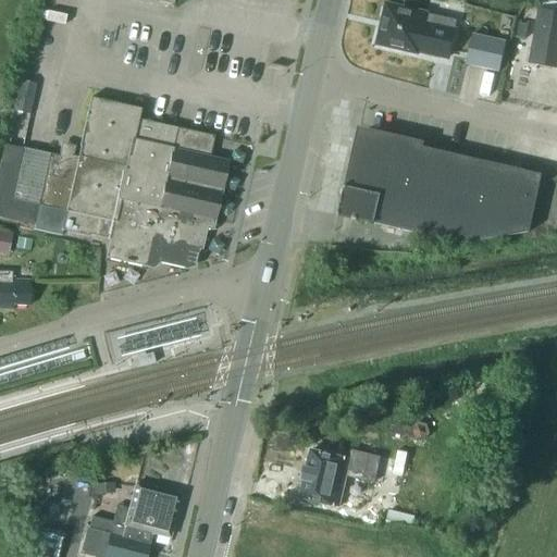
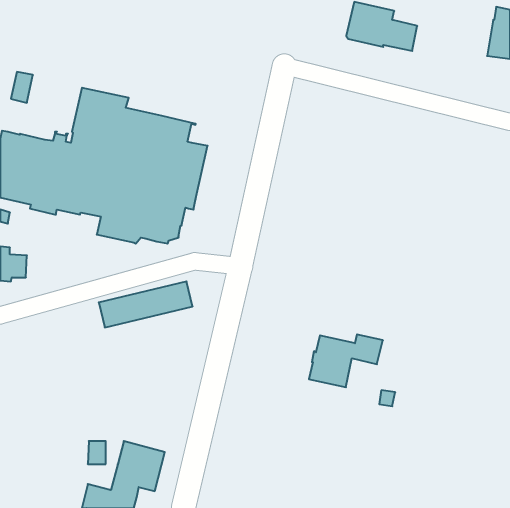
building: [466,33,507,70] -> none
building: [337,131,542,243] -> none
building: [299,447,380,505] -> [309,334,383,387]

